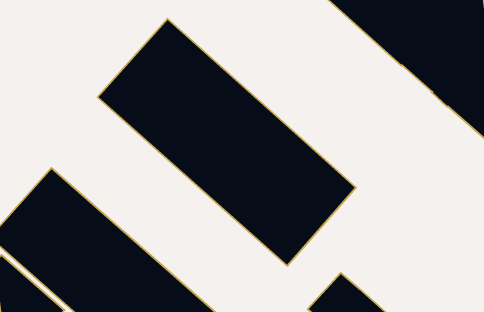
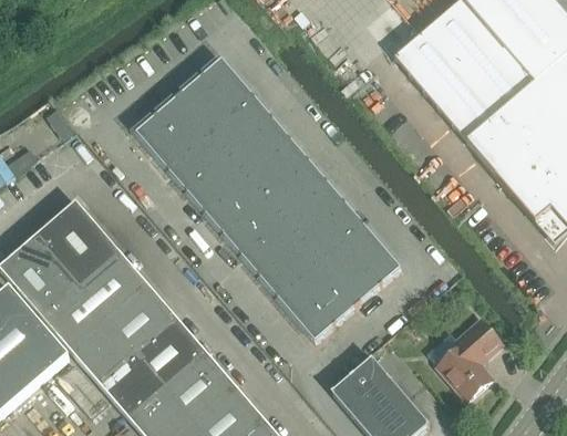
building: none -> [434,318,502,398]

